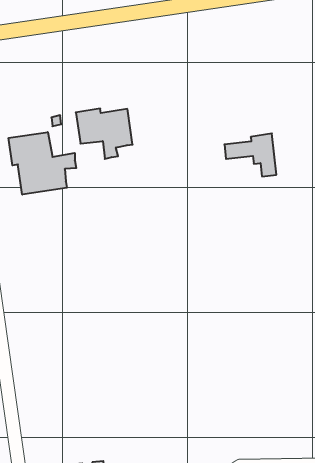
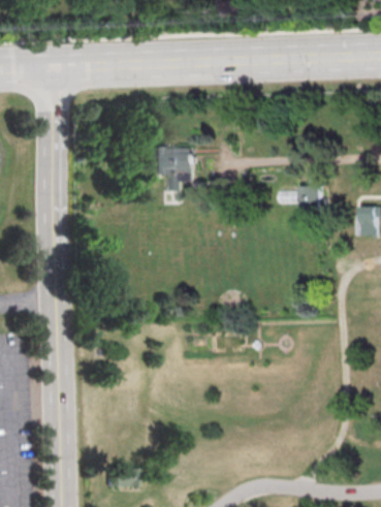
building: [9,132,76,195] -> none

